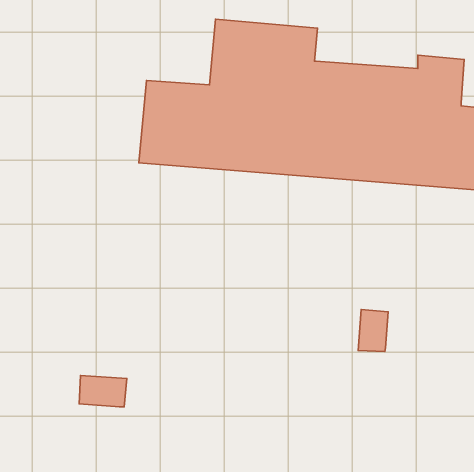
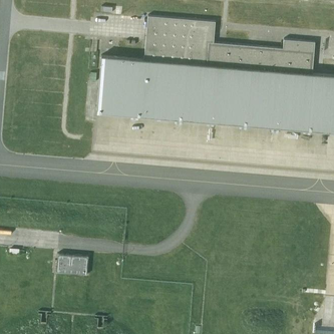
building: [358,309,388,352] -> none

